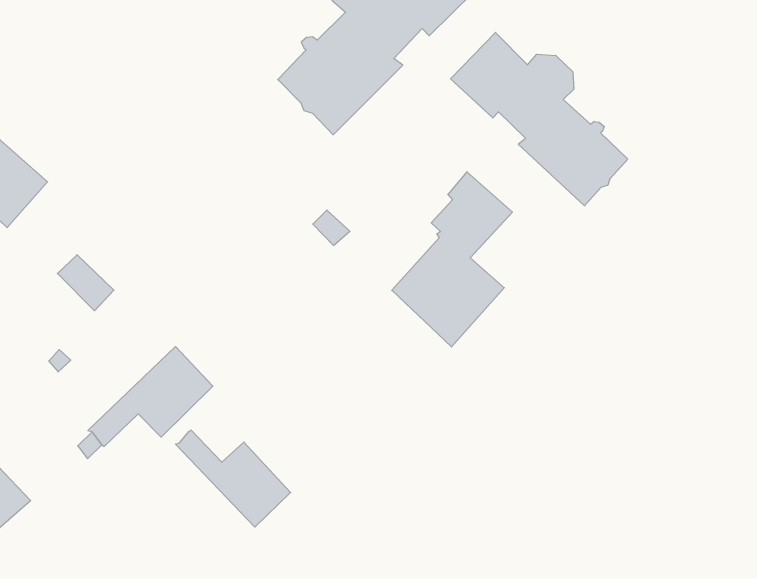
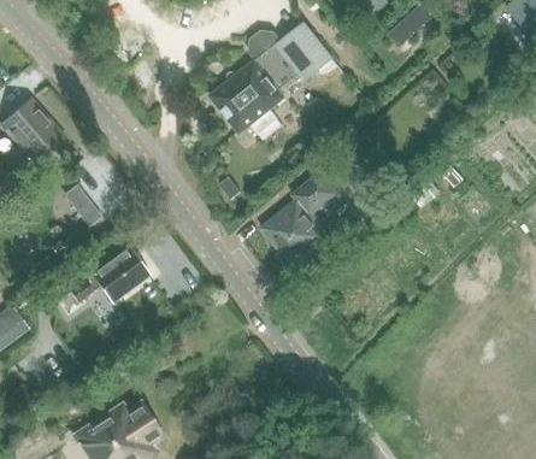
building: [451,32,628,206] -> none
building: [176,430,291,527] -> none

